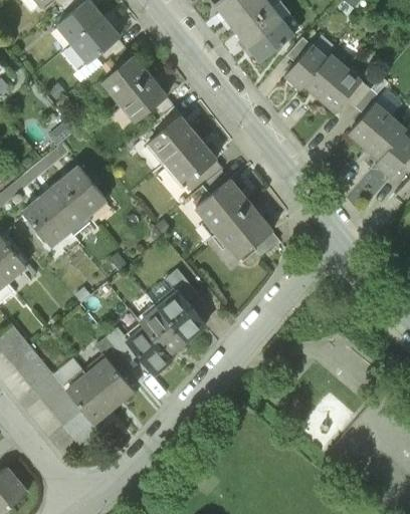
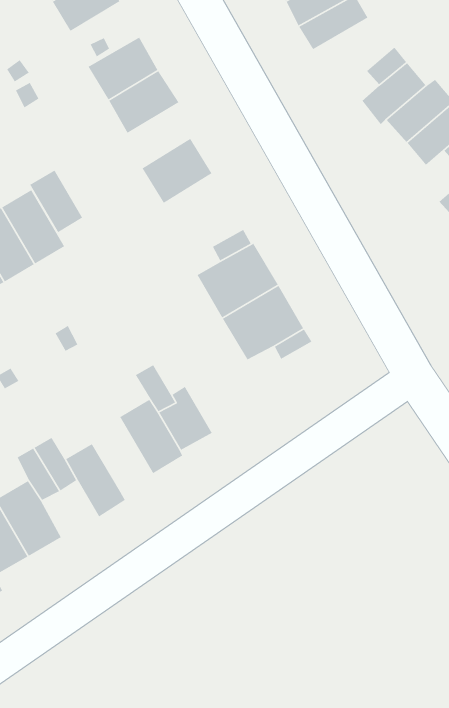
building: [249,20,293,61] -> none
building: [167,139,214,186] -> none
building: none -> [29,169,83,233]
building: [141,308,188,357] -> none

